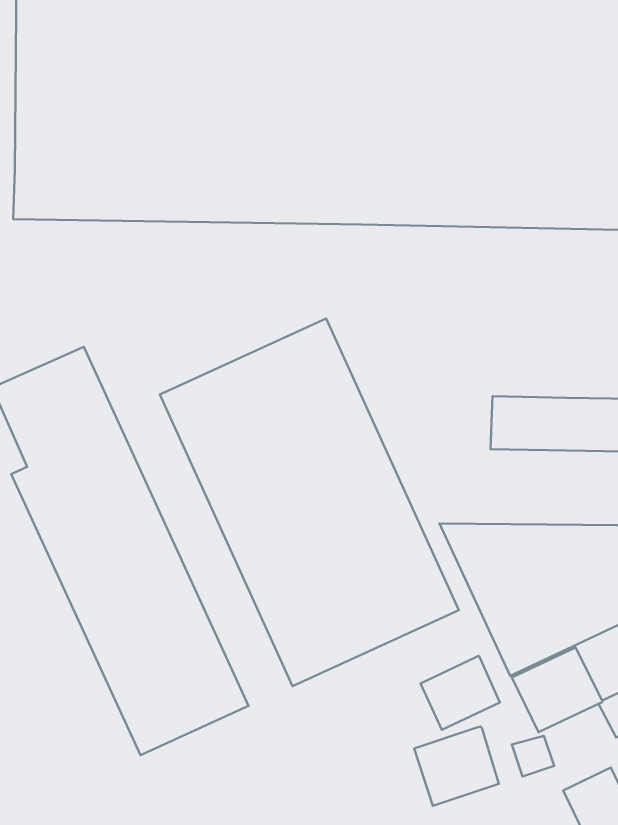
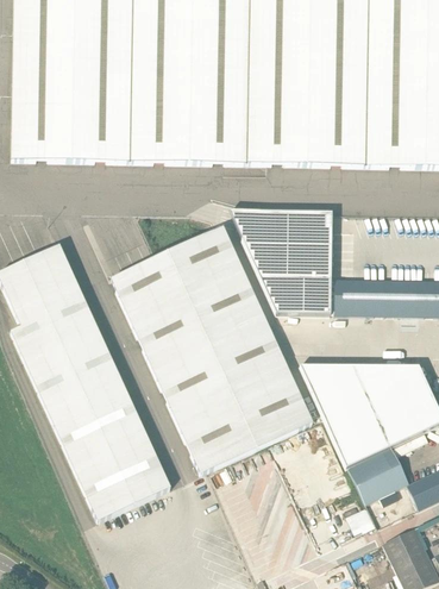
building: none -> [231,217,335,315]
building: [420,656,500,730] -> none
building: [414,726,499,806] -> none

